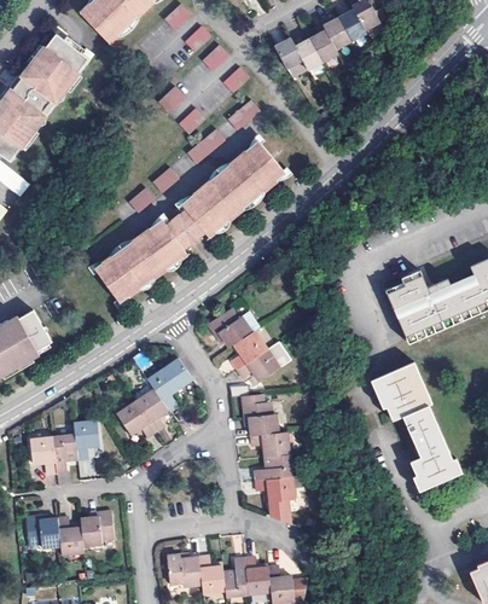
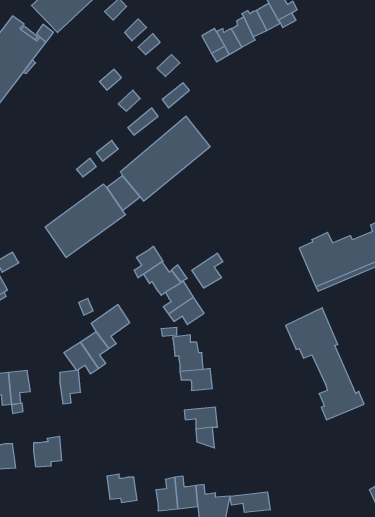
building: none -> [134,246,163,278]
building: none -> [192,253,223,288]
building: [74,419,98,458] -> [60,370,81,404]
building: [254,454,291,480] -> none
building: [57,517,83,553] -> none
building: [197,556,225,592] -> none
building: none -> [230,492,270,512]

